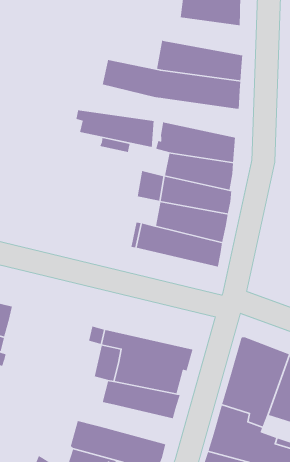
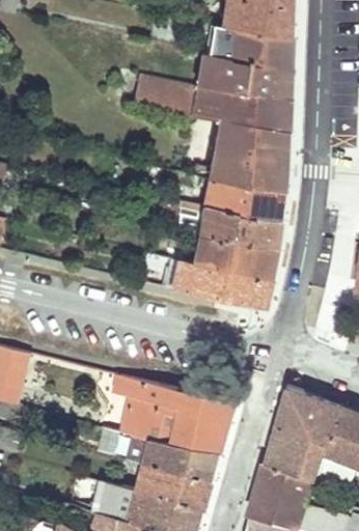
building: none -> [204,25,288,68]
building: [76,109,154,148] -> [196,118,285,162]
building: none -> [139,465,213,508]

